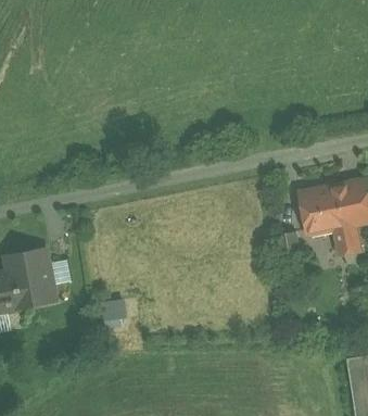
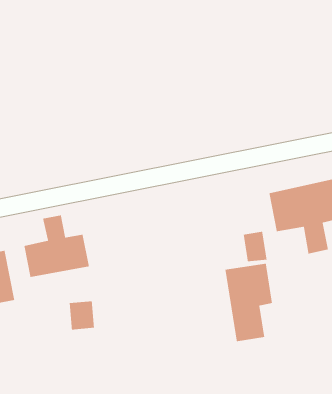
building: none -> [23,215,90,278]
building: none -> [225,263,273,342]

